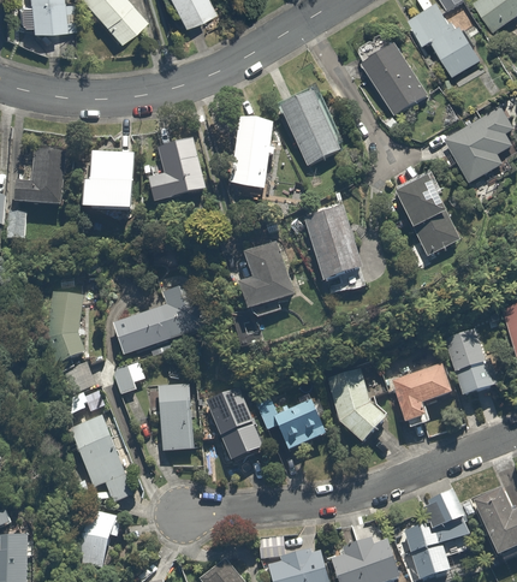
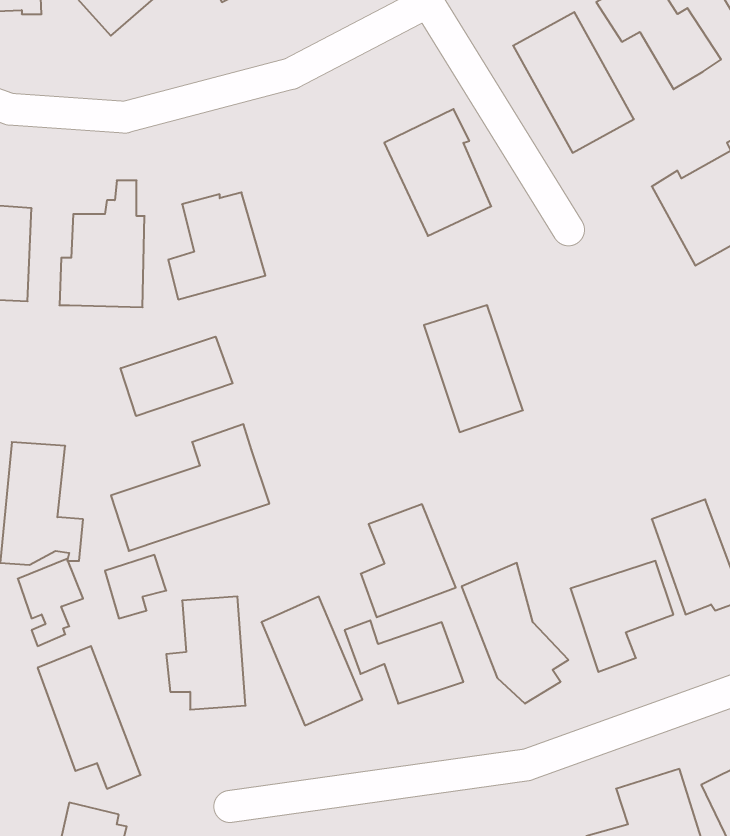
building: [227,119,274,190] -> none
building: [394,173,458,256] -> none
building: none -> [121,337,233,416]
building: [238,242,296,310] -> [361,504,456,617]

